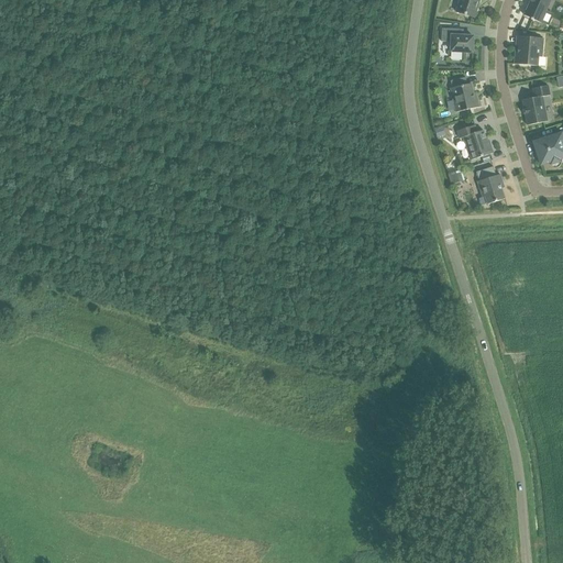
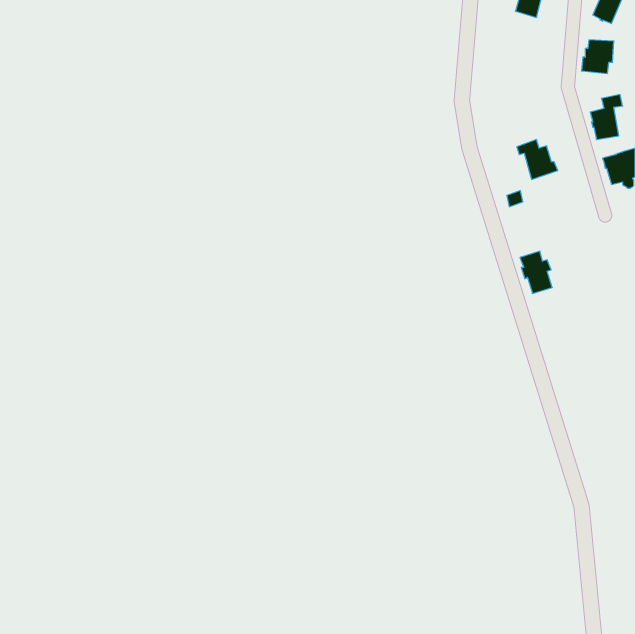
building: [441,26,473,51] -> none
building: [450,76,478,111] -> none
building: [475,165,504,202] -> [520,251,552,294]

